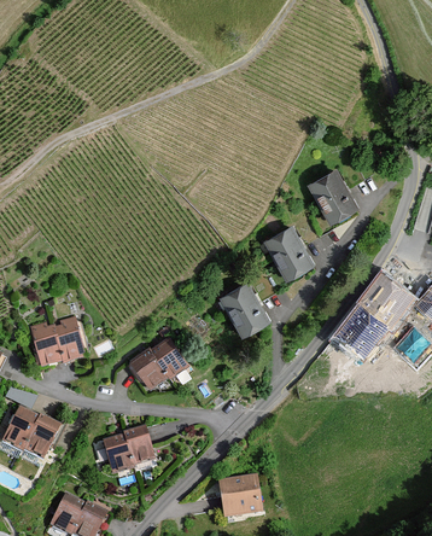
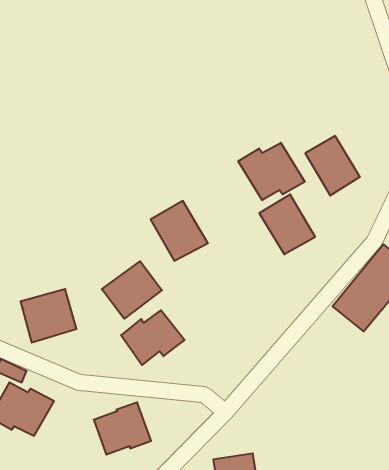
building: none -> [238,143,305,200]
building: [217,281,273,339] -> [151,201,208,261]
building: none -> [102,261,162,319]

